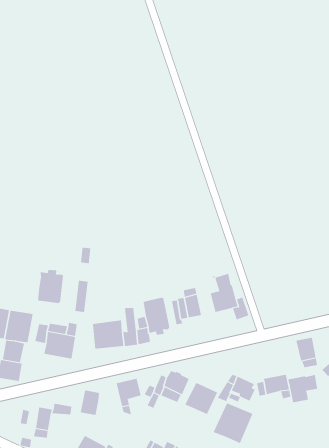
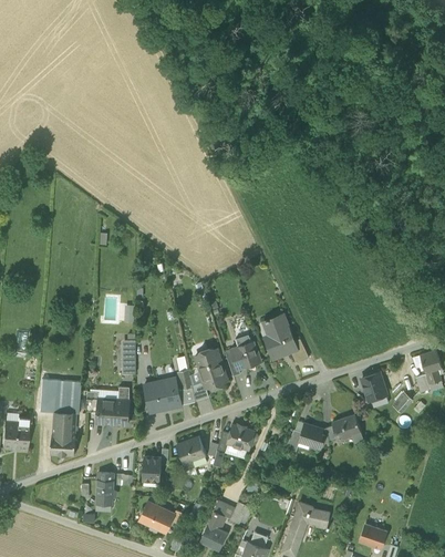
building: [38,269,64,304] -> none
building: [288,374,319,403] -> none
building: [185,382,218,415] -> none
building: [213,403,253,444] -> none

